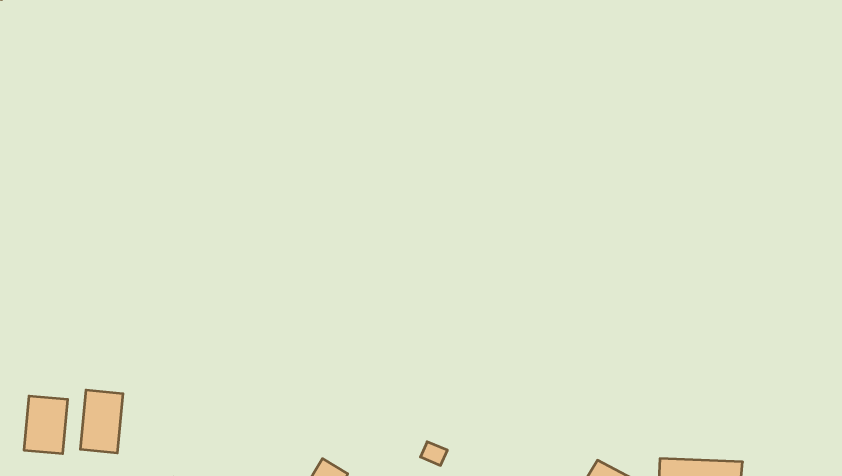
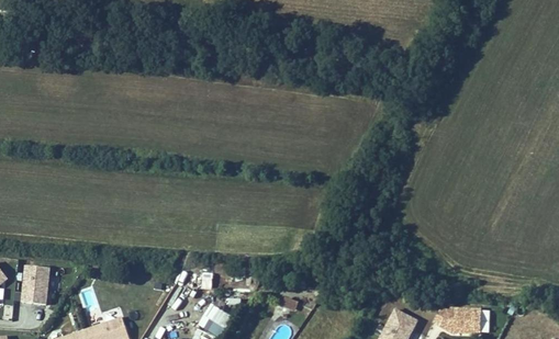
building: [80,390,123,453] -> none

